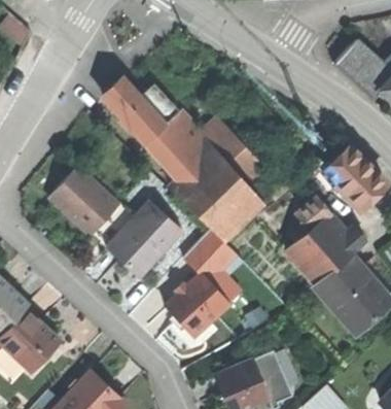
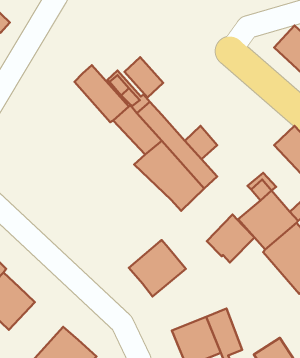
building: [202,117,245,163] -> [125,57,163,98]
building: [49,166,119,236] -> none
building: [108,201,183,276] -> none
building: [183,229,237,282] -> [207,215,255,263]

